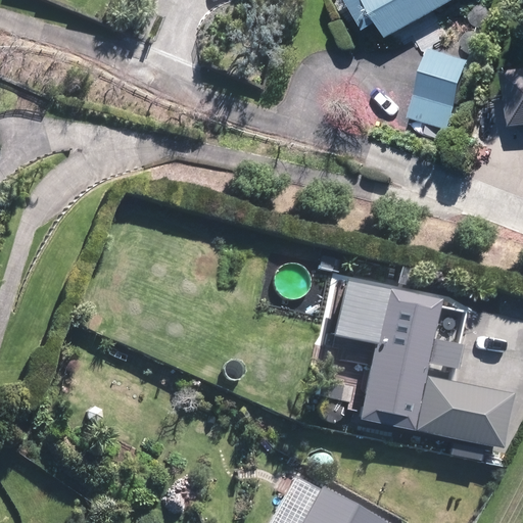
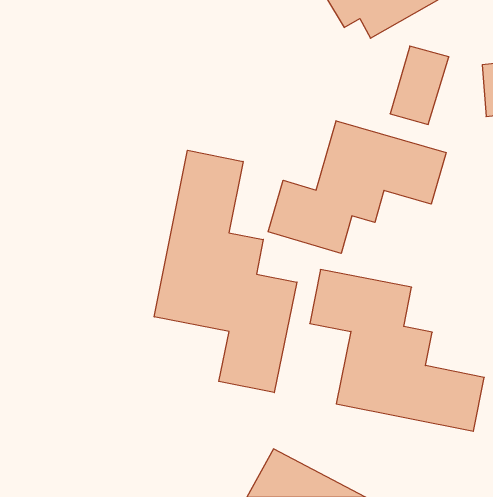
building: none -> [268,121,446,253]
building: none -> [154,150,297,393]

